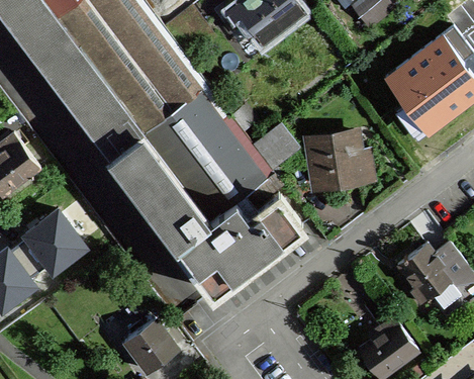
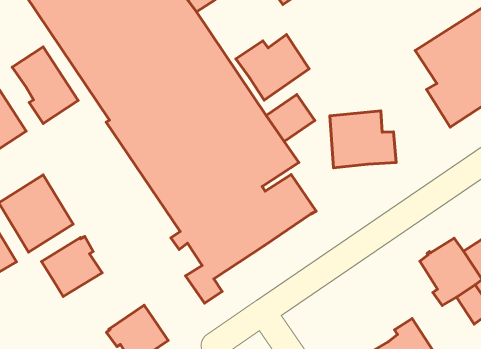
building: none -> [236,35,309,100]
building: none -> [12,47,78,123]
building: none -> [42,237,102,296]

